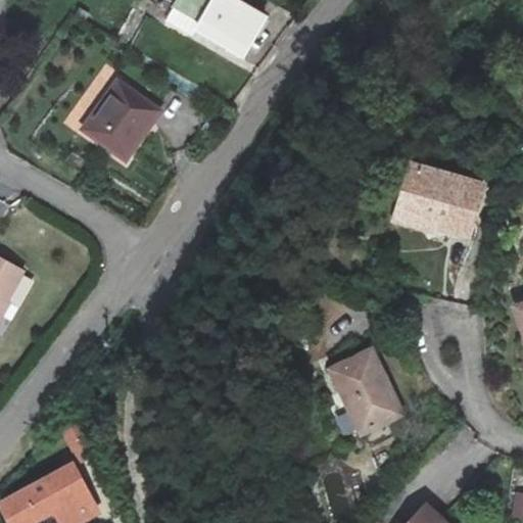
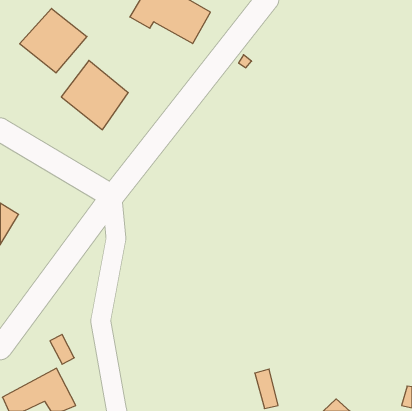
building: none -> [20,8,87,73]
building: [395,164,482,239] -> none
building: [327,346,403,431] -> none

